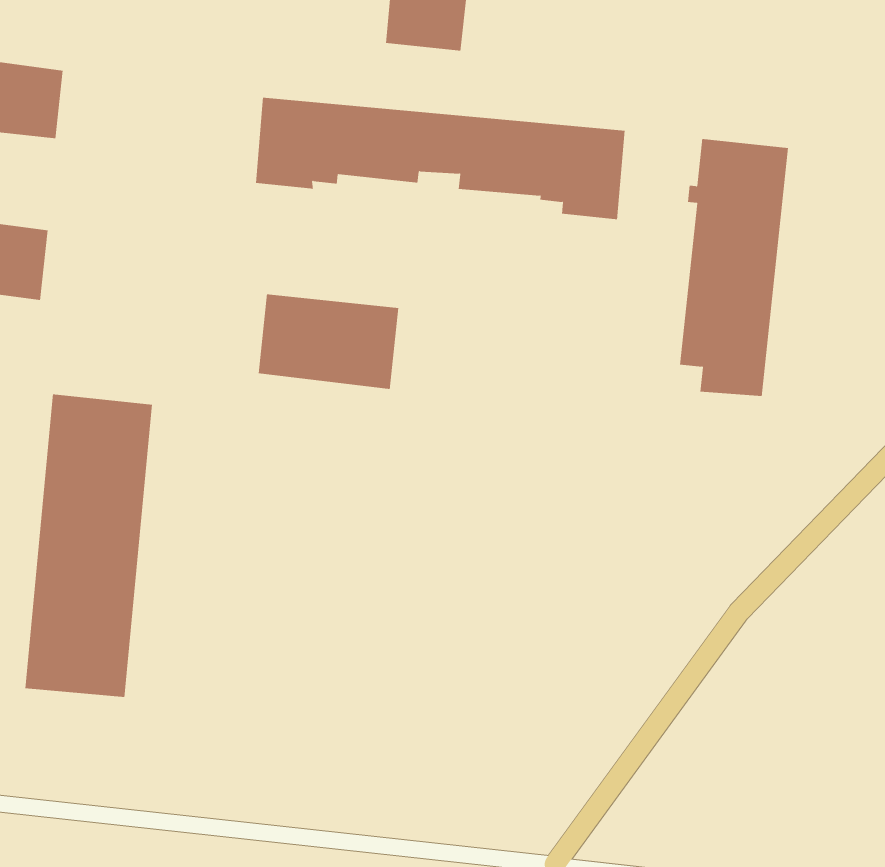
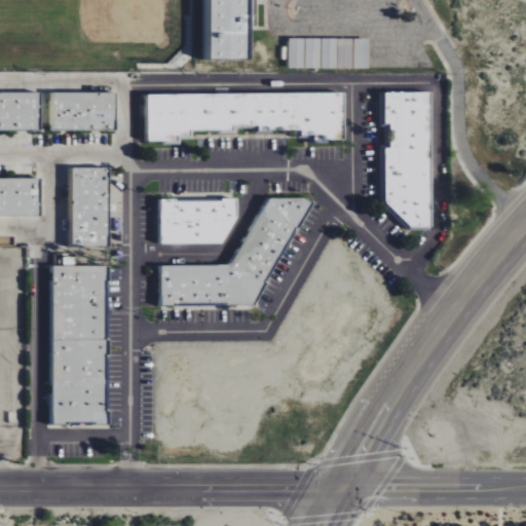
building: none -> [287,38,368,68]
building: none -> [50,91,114,129]
building: none -> [65,167,103,246]
building: none -> [159,197,311,305]

